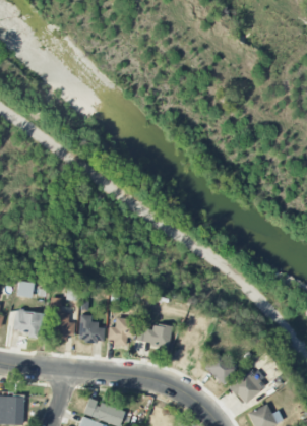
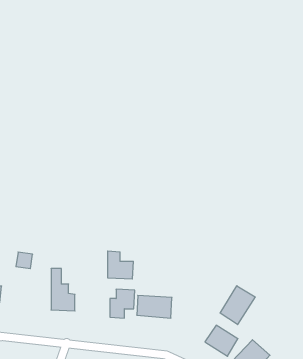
building: [13,310,43,338] -> none
building: none -> [220,286,255,325]
building: [79,314,105,342] -> [108,251,133,279]

